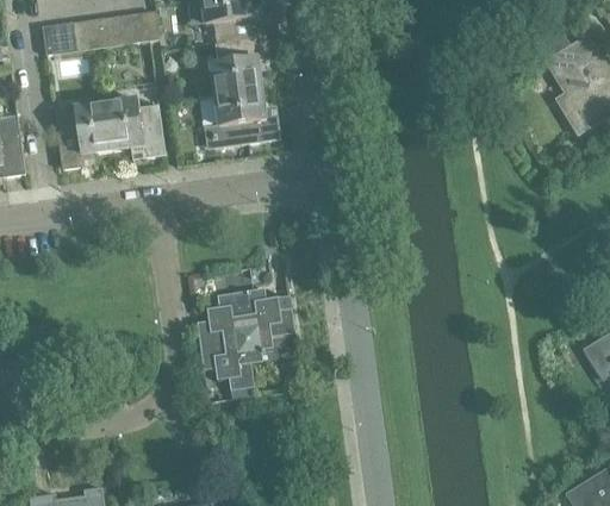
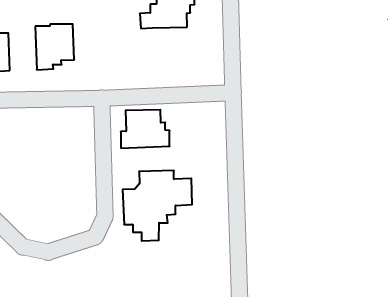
building: [210,89,279,148] -> [121,110,170,148]
building: [104,96,164,157] -> none

